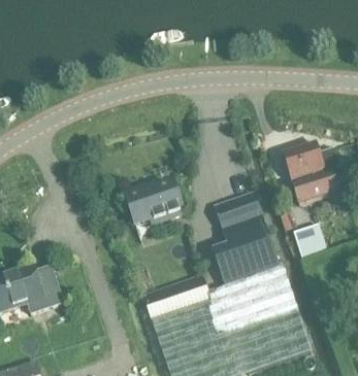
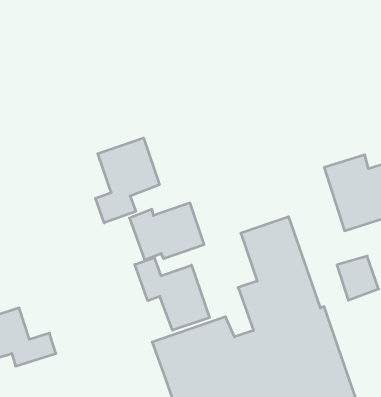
building: none -> [95,138,159,223]
building: none -> [135,257,209,330]

